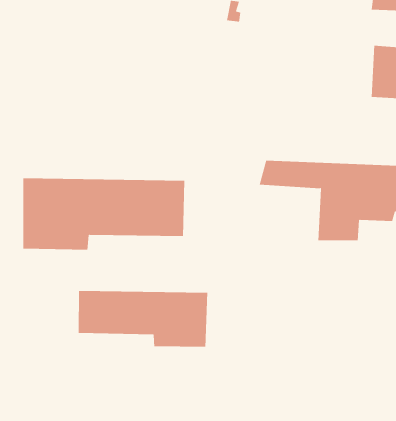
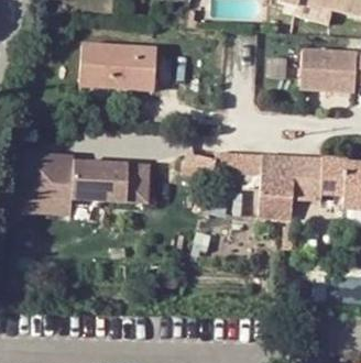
building: none -> [75,31,150,77]
building: [78,290,208,347] -> none

